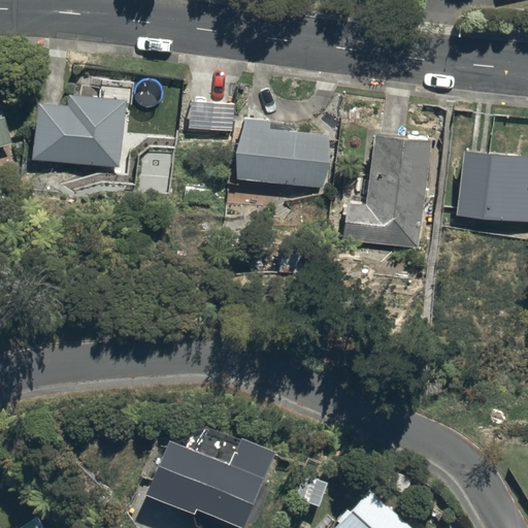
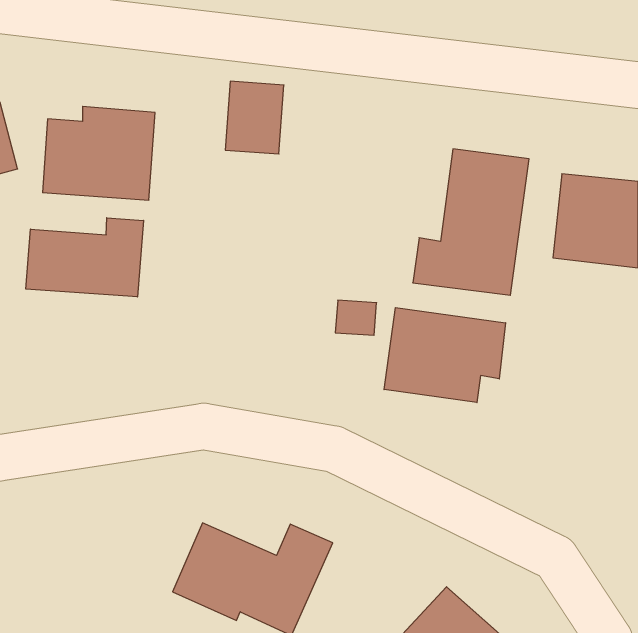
building: [233,120,334,192] -> none
building: none -> [26,218,144,297]
building: none -> [384,308,506,403]

